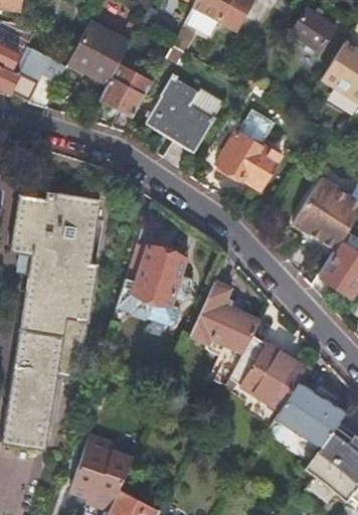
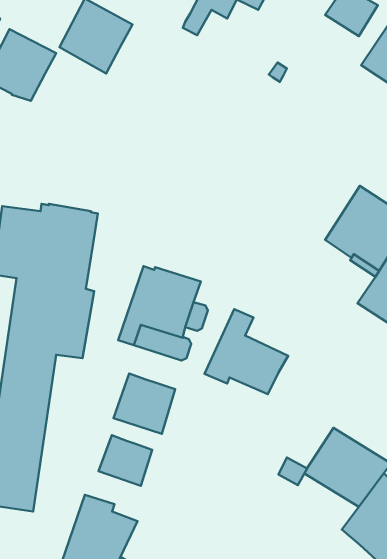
building: [99,62,151,132] -> none
building: [146,73,222,151] -> none
building: [217,109,281,189] -> none
building: [229,335,305,410] -> none
building: none -> [114,374,175,434]
building: none -> [98,435,152,486]

